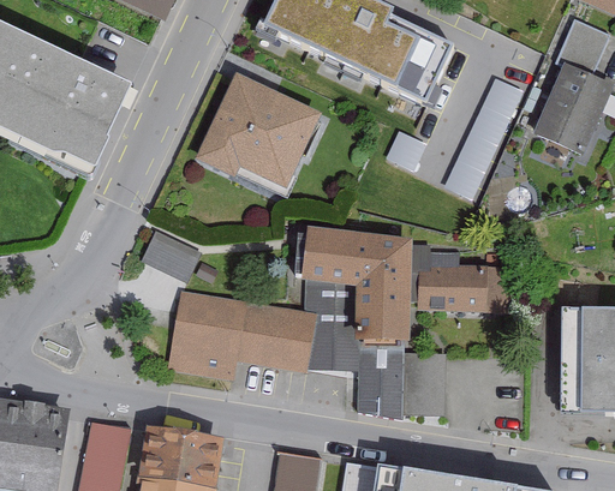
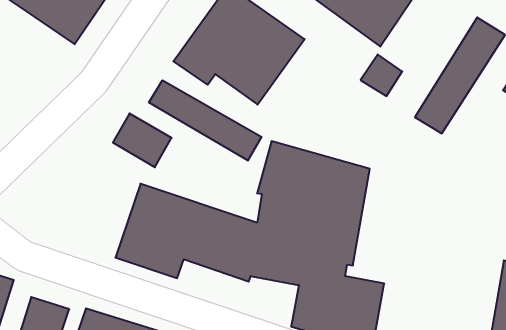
building: none -> [149,80,262,161]
building: [417,251,508,316] -> none

